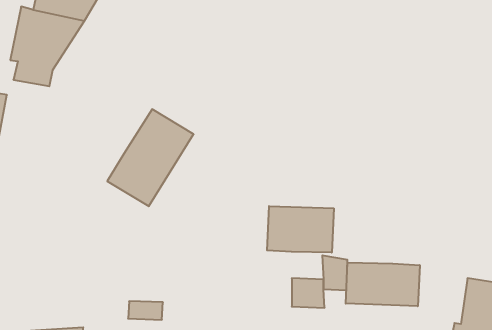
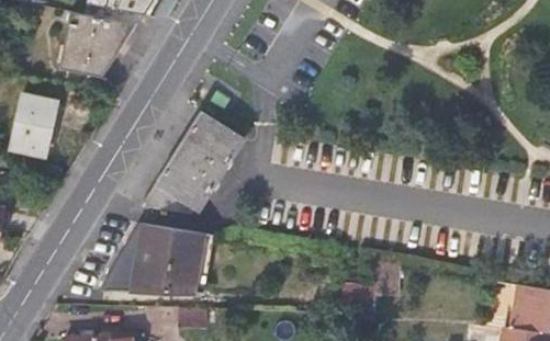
building: [267,206,334,253] -> none
building: none -> [102,224,211,293]
building: [346,262,420,306] -> none

